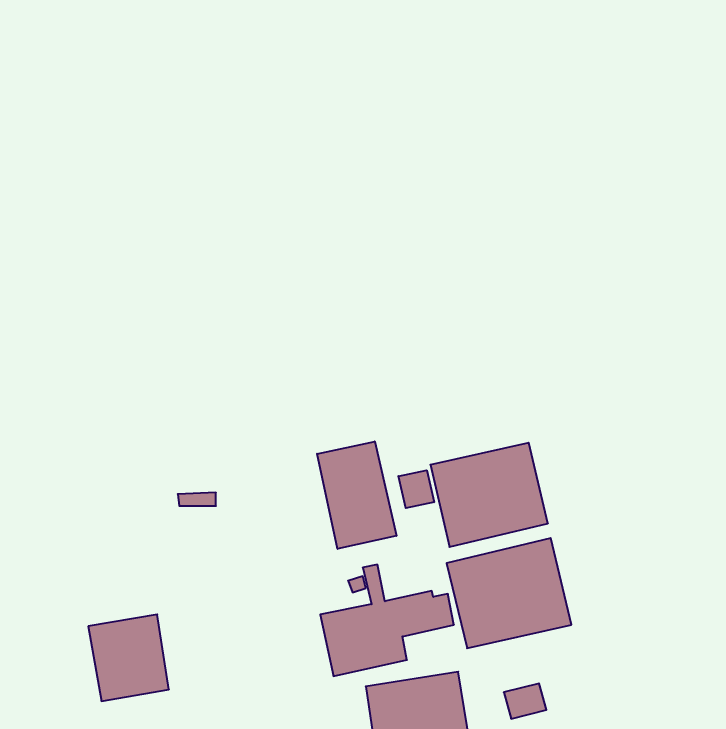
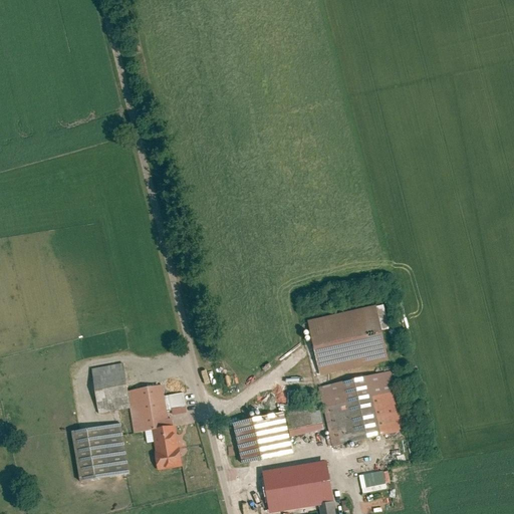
building: [317,441,396,549] -> none
building: [398,470,434,508] -> none
building: none -> [91,362,185,469]

